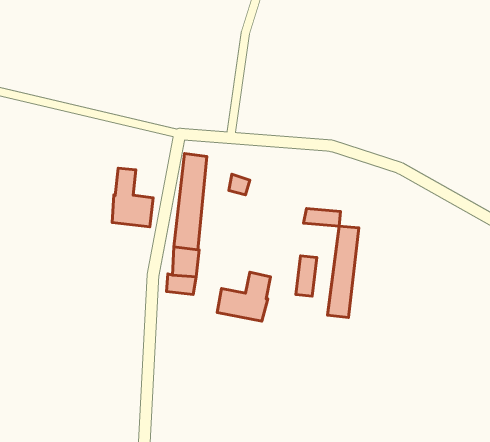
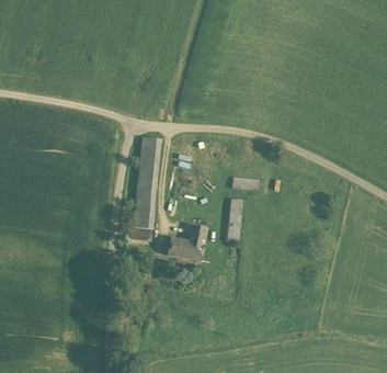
building: [112,168,153,227] -> none
building: [328,226,359,317] -> none

